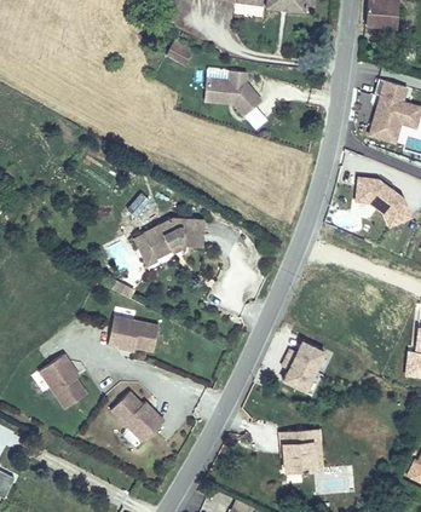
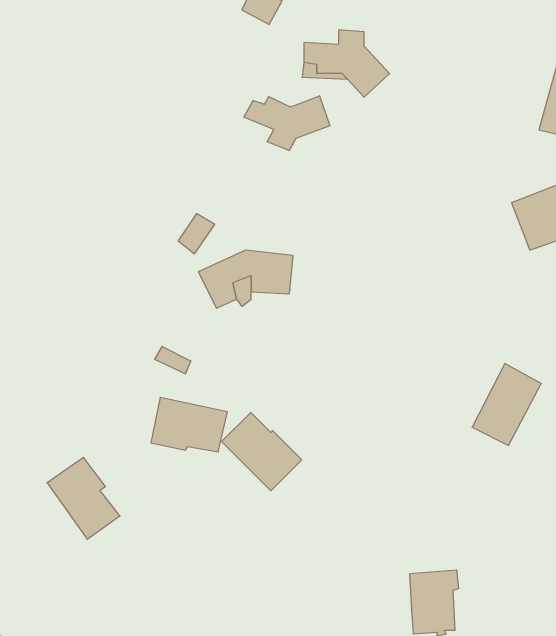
building: none -> [244,96,330,151]
building: [281,338,327,392] -> [472,364,541,445]
building: [111,389,165,441] -> [222,412,302,491]

